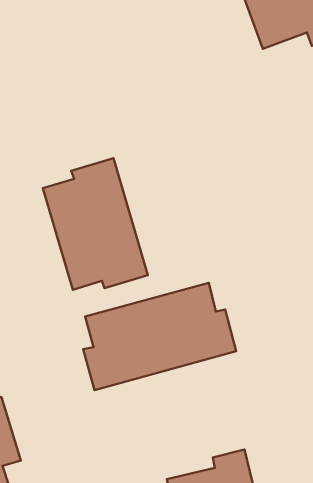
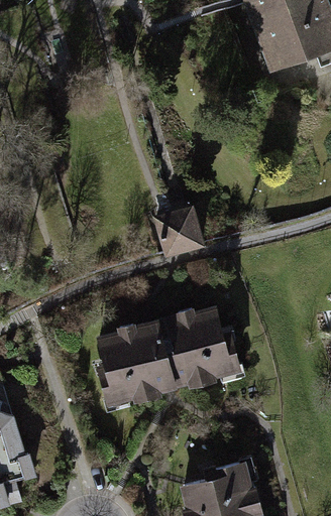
building: [43,158,148,290] -> none
building: none -> [154,210,199,254]

